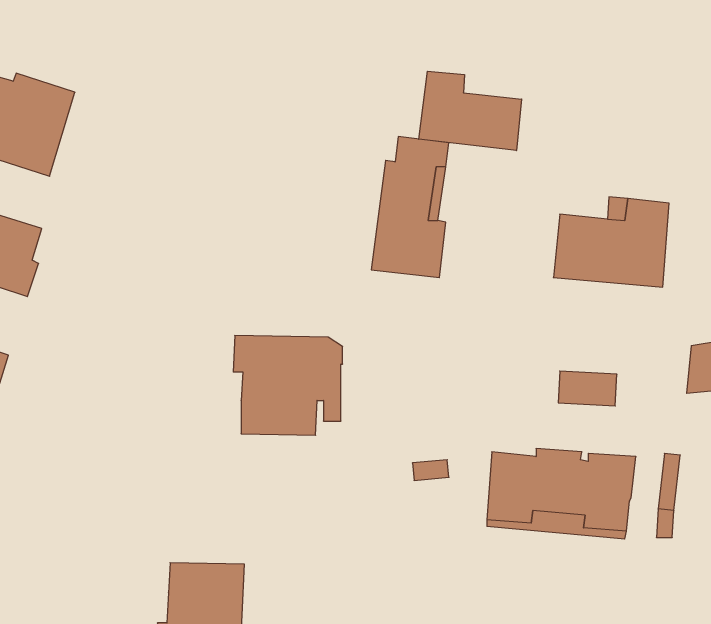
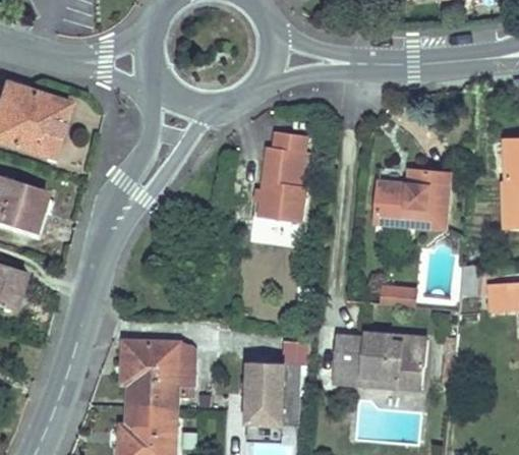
building: [419,71,522,151] -> none
building: [233,336,343,435] -> [123,341,193,405]
building: none -> [246,360,300,423]

